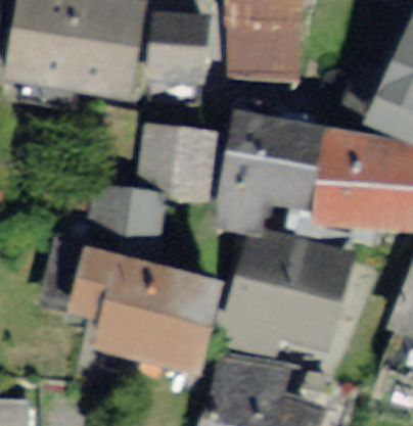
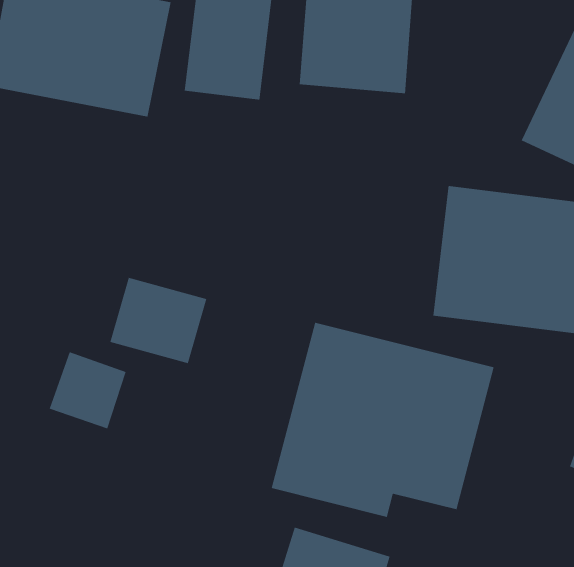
building: [217,117,315,222] -> none
building: [139,119,216,194] -> none
building: [99,256,205,367] -> none

